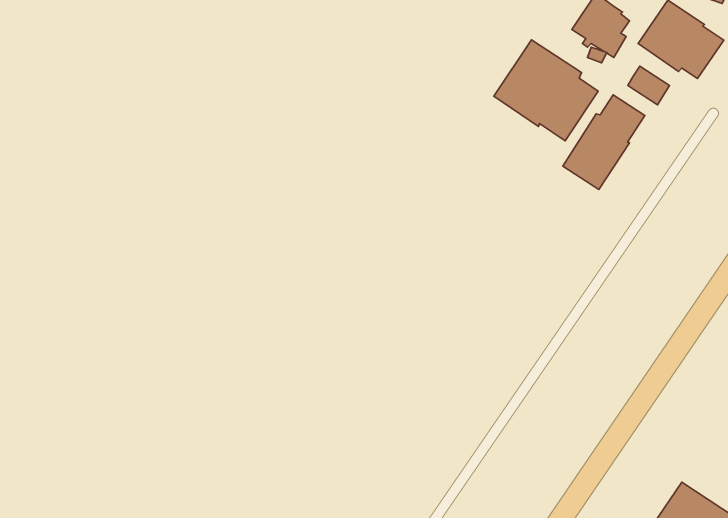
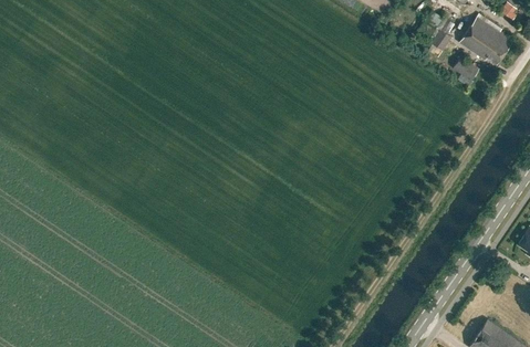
building: [494,40,598,141] -> none
building: [563,95,645,190] -> none

